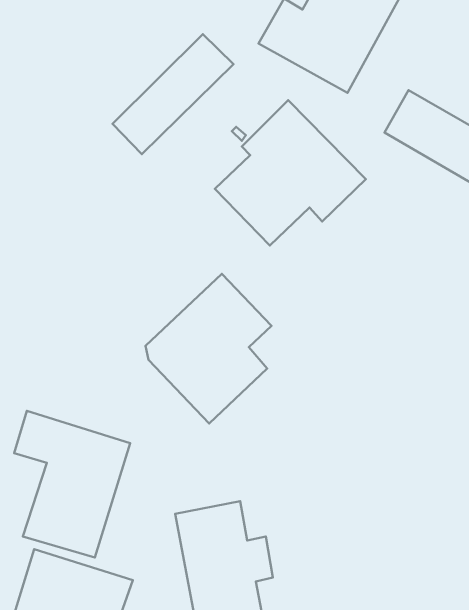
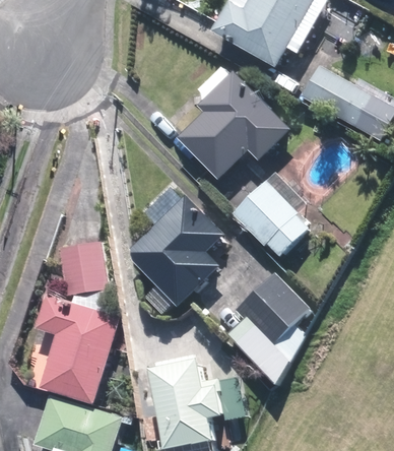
building: [112,34,234,154] -> none
building: none -> [233,183,308,256]
building: none -> [61,244,106,295]
building: none -> [227,273,310,384]

